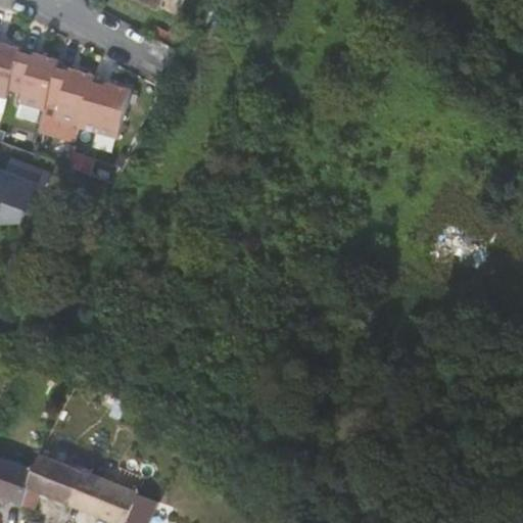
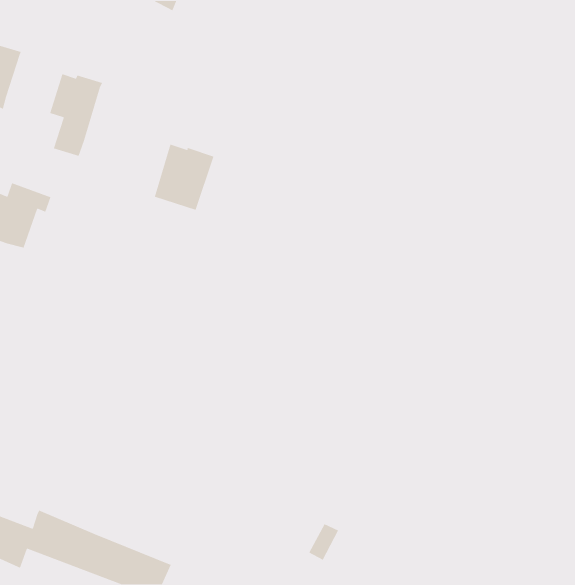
building: [6,49,57,110] -> none
building: [76,78,130,138] -> [154,143,214,211]

